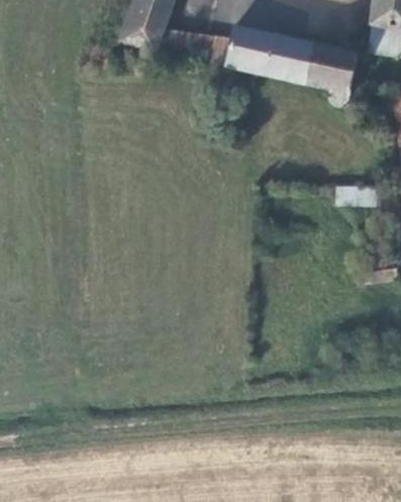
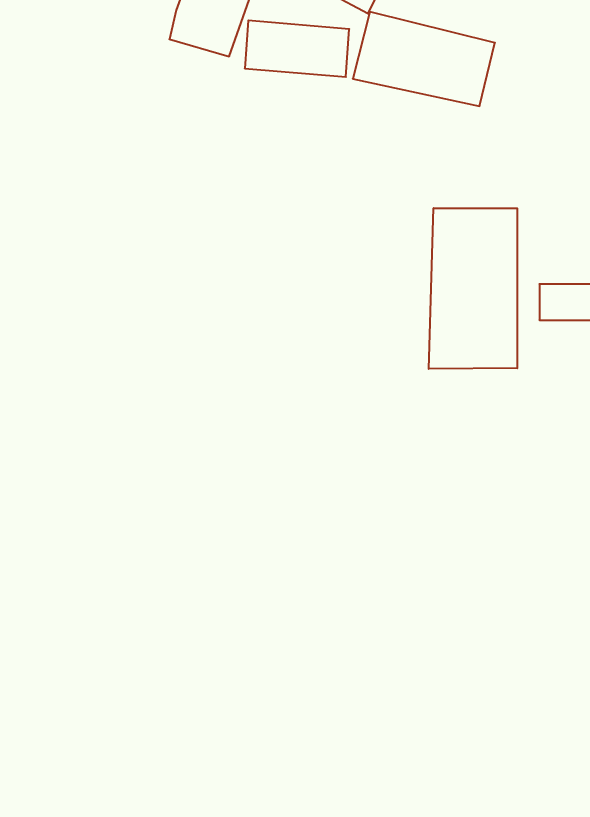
building: [300,43,355,107] -> none
building: none -> [429,208,517,369]

